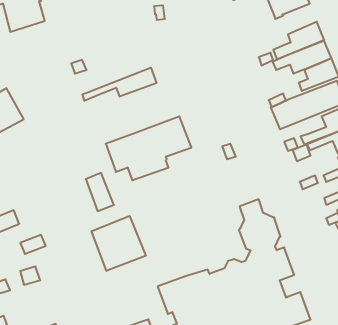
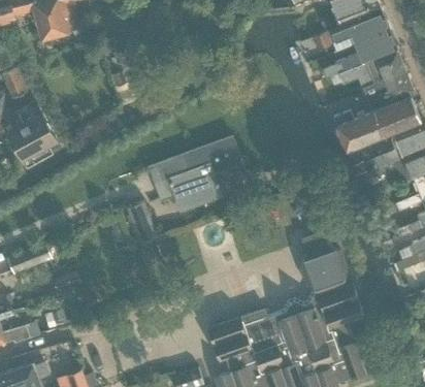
building: none -> [312,11,388,52]
building: [82,68,156,101] -> none
building: [92,216,146,271] -> none

